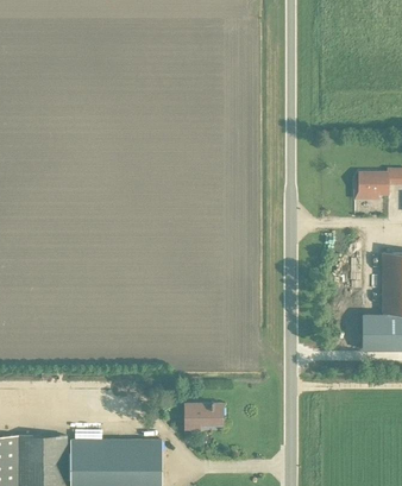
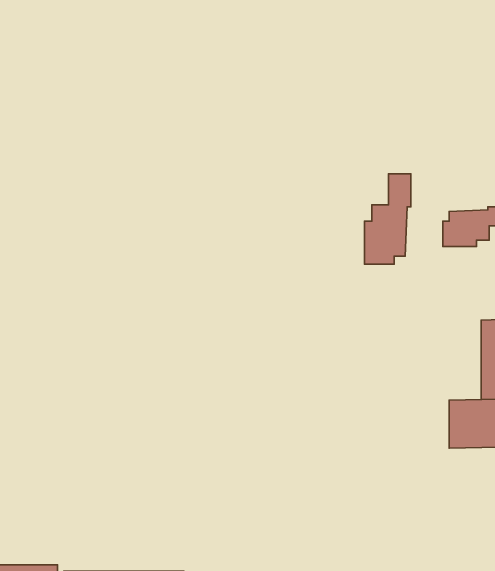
building: none -> [364,174,411,264]
building: [186,403,224,430] -> none

